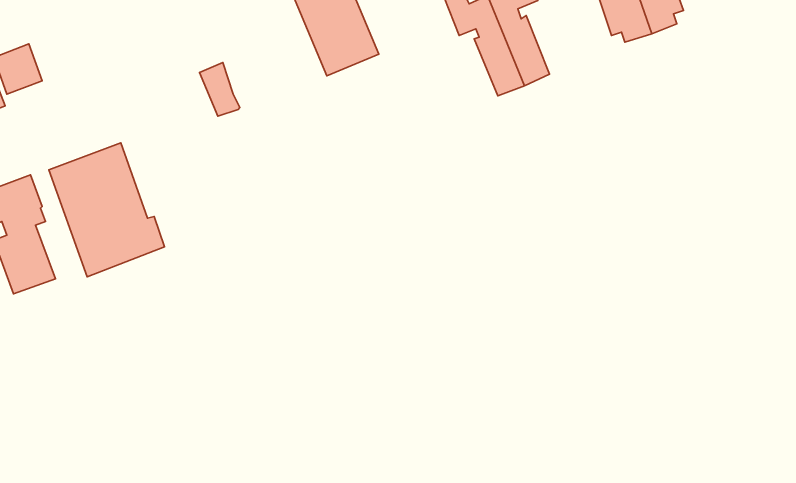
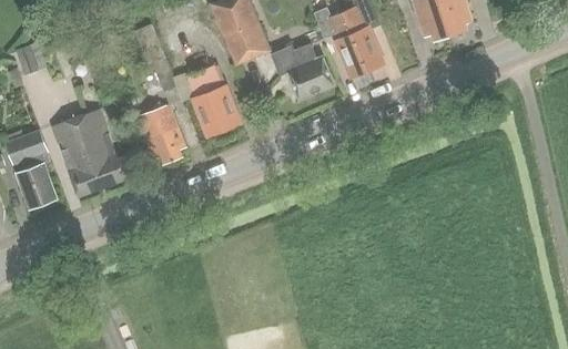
building: none -> [271,44,334,99]
building: none -> [186,64,241,136]
building: none -> [136,104,185,165]

